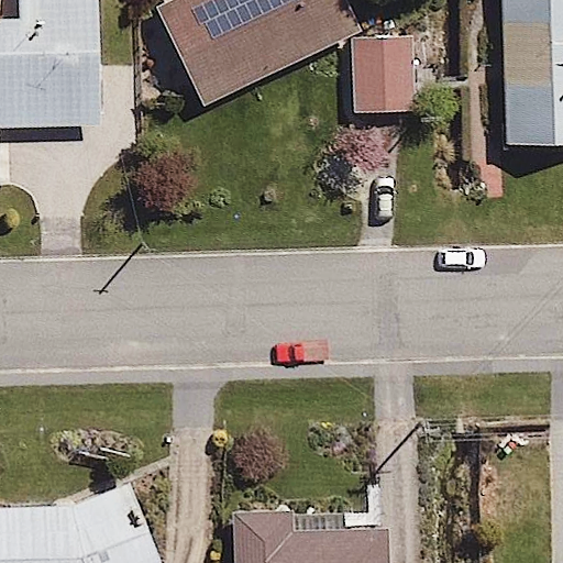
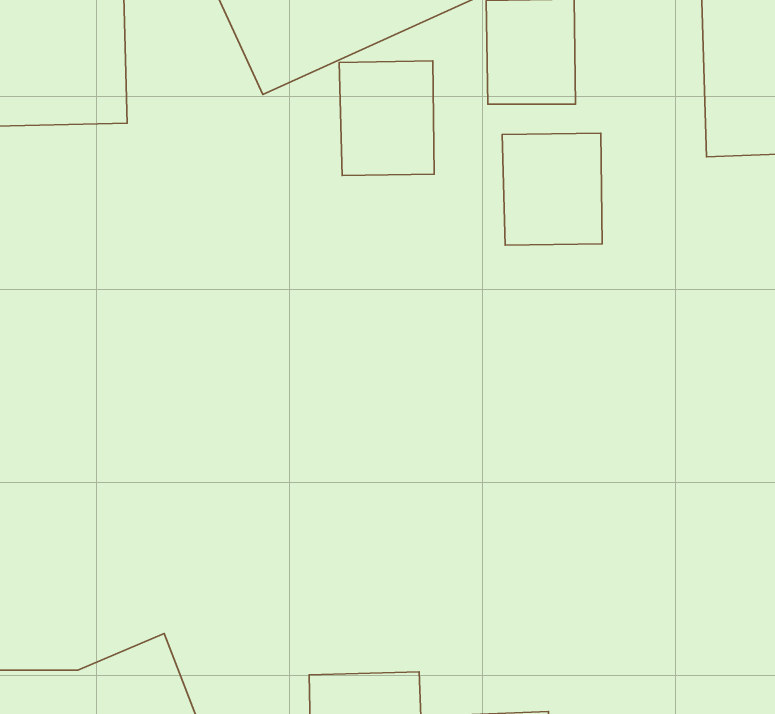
building: none -> [339,61,434,175]
building: none -> [502,133,602,245]

